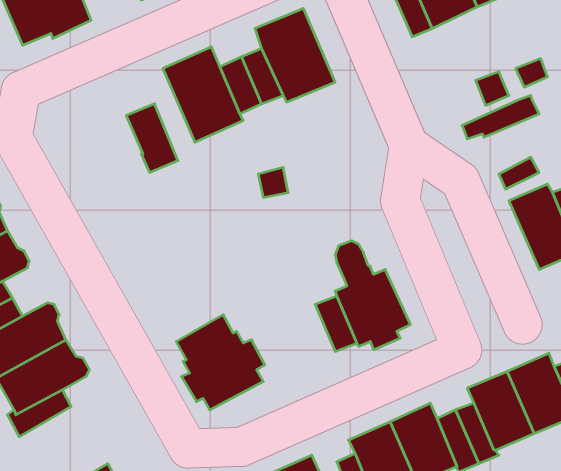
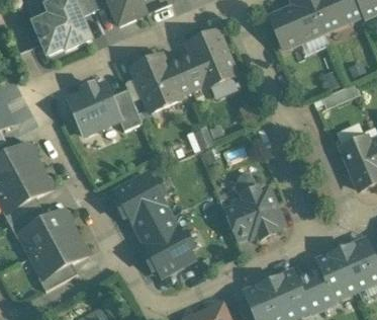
building: none -> [69,83,121,135]
building: none -> [116,174,170,233]

